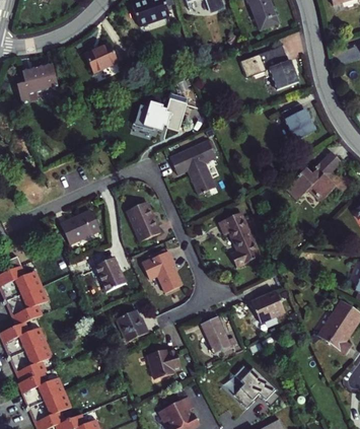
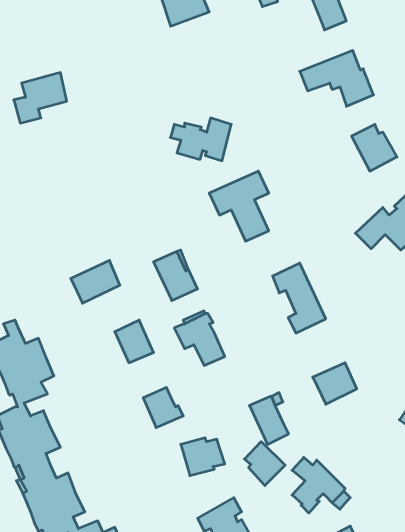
building: [84,43,119,73] -> none
building: none -> [244,442,285,486]

